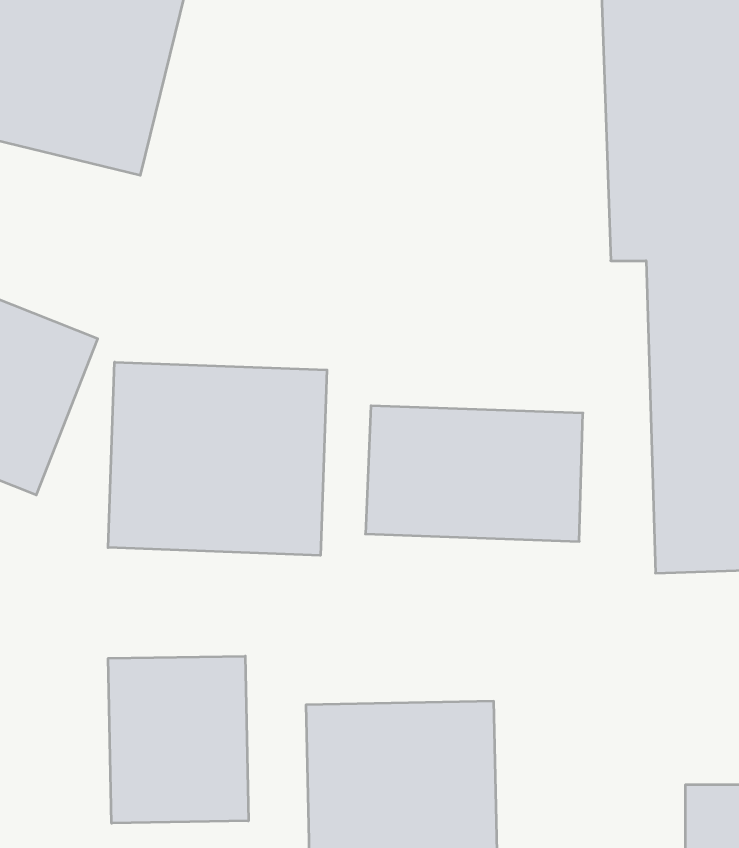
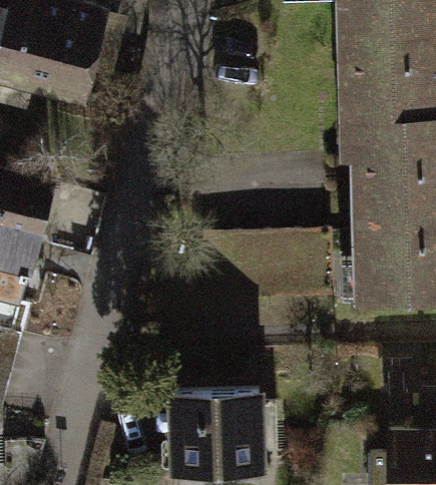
building: [108,362,327,555] -> none
building: [108,656,248,823] -> none

